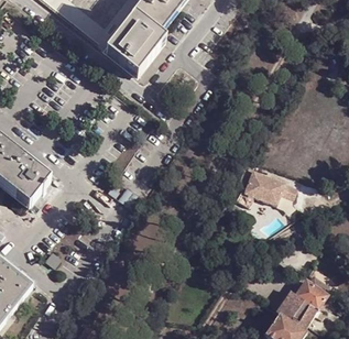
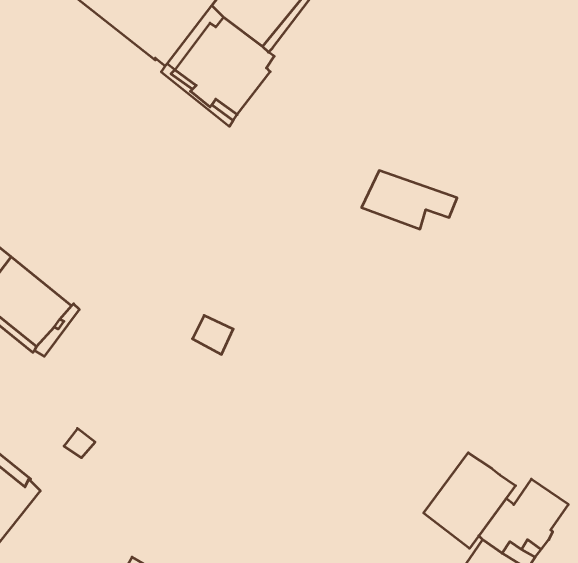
building: [244,173,298,206] -> [362,171,457,229]
building: none -> [424,453,516,548]

